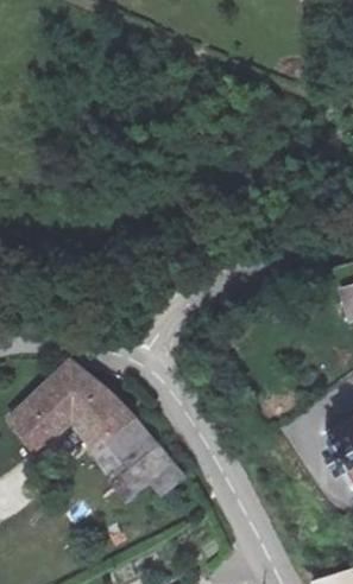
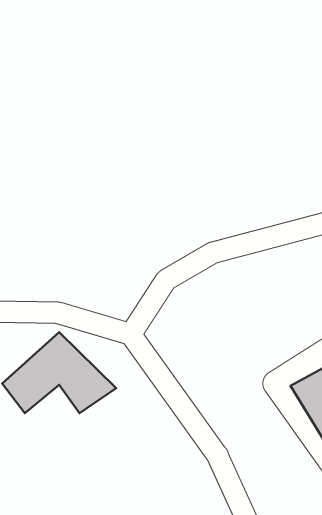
building: [90,425,193,501] -> none

